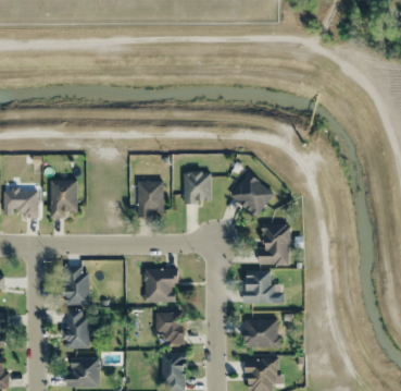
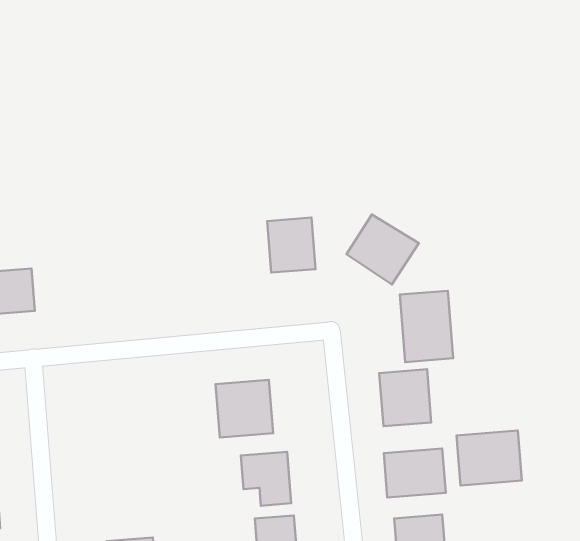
building: [51,181,78,218] -> none
building: [138,182,163,218] -> none
building: [65,267,88,305] -> none
building: [65,310,89,349] -> none
building: none -> [457,431,522,485]

